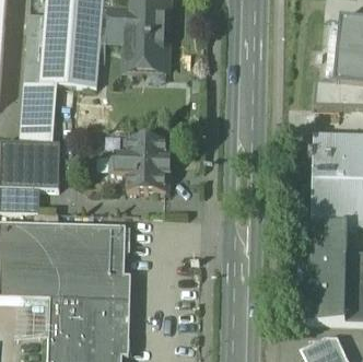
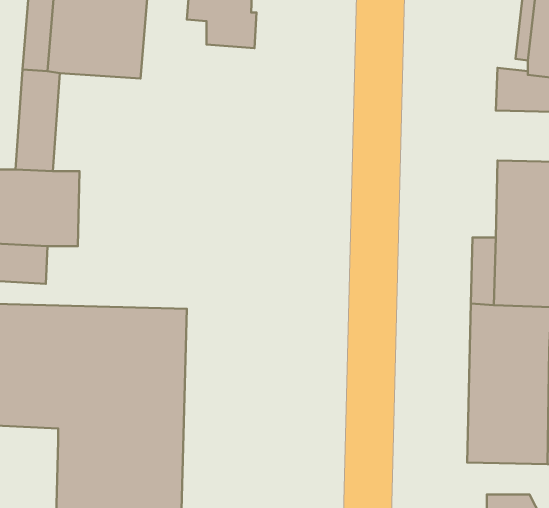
building: [115,137,172,190] -> none

